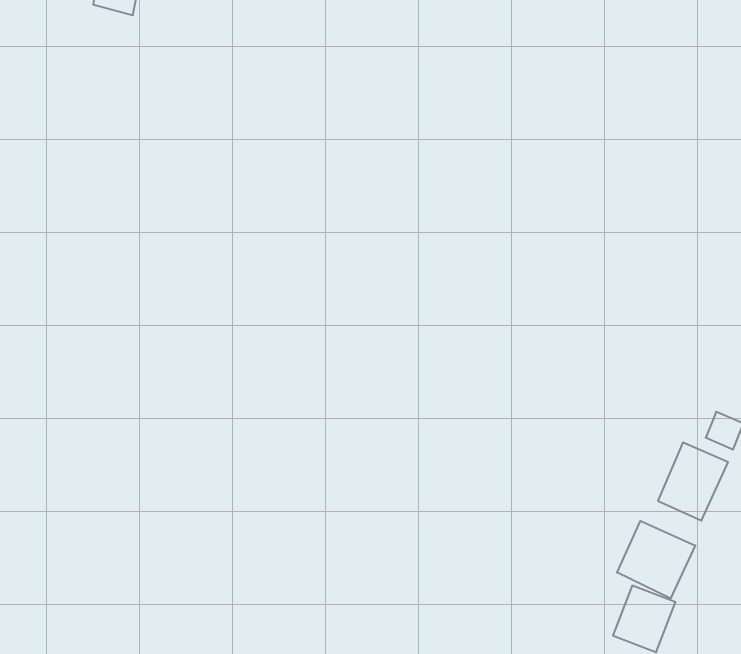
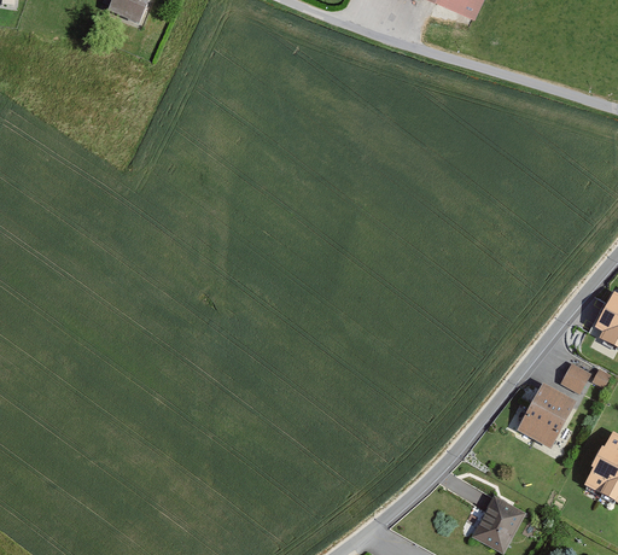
building: [617,521,695,599] -> none

